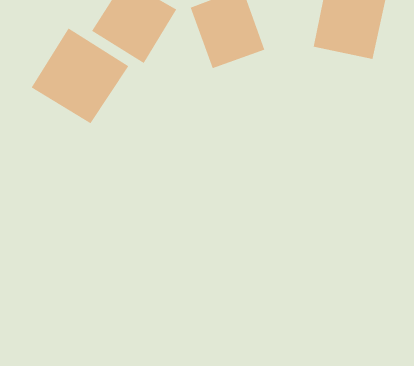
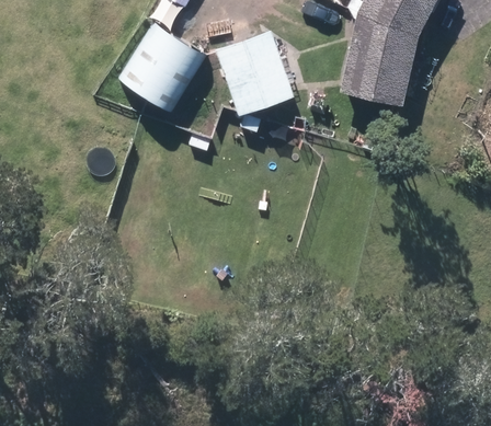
building: [31,27,129,124] -> none

